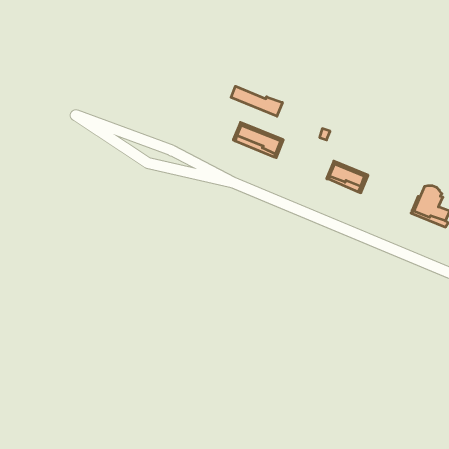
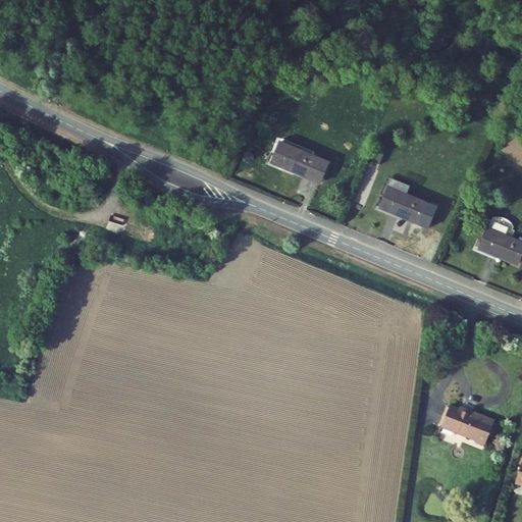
building: [231,86,282,116] -> none
building: none -> [441,405,494,442]

